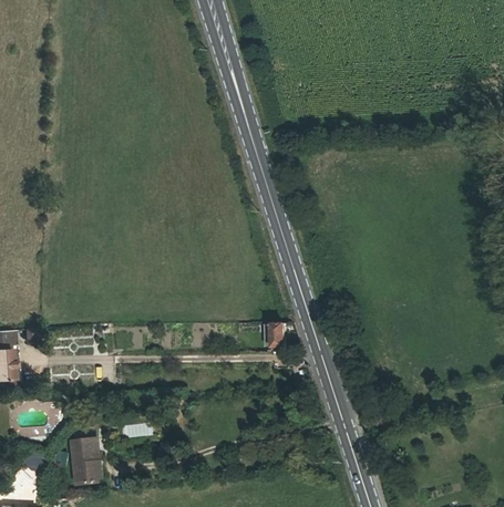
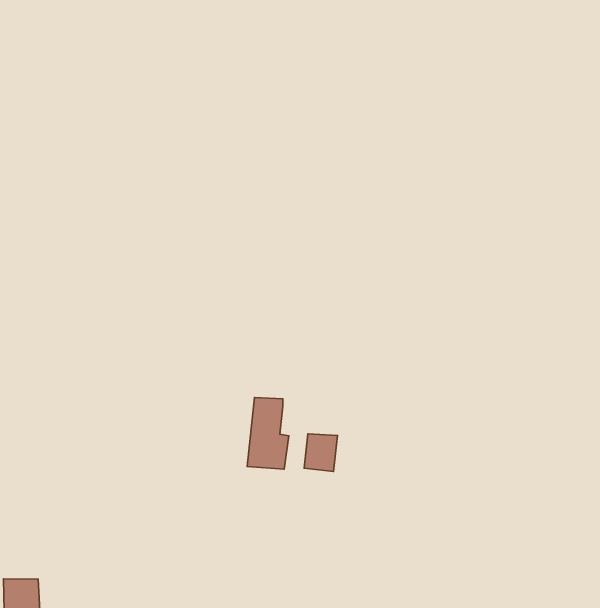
building: none -> [247,398,289,469]

